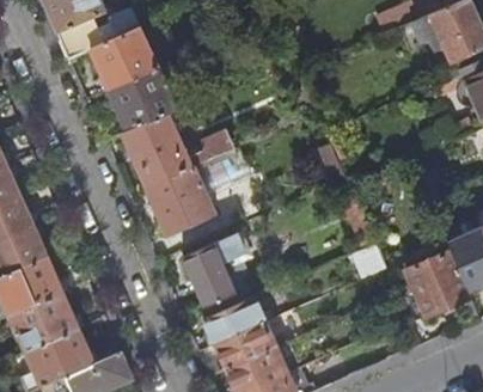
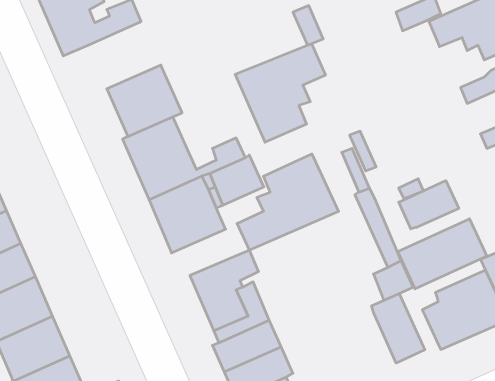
building: [92,26,158,87] -> none
building: none -> [235,44,325,142]
building: none -> [237,154,339,250]
building: none -> [399,181,459,229]
building: none -> [398,219,487,289]
building: none -> [372,294,425,363]

